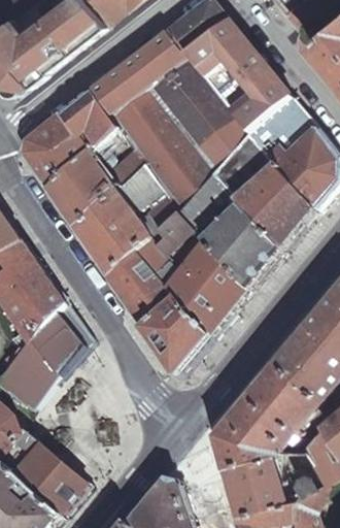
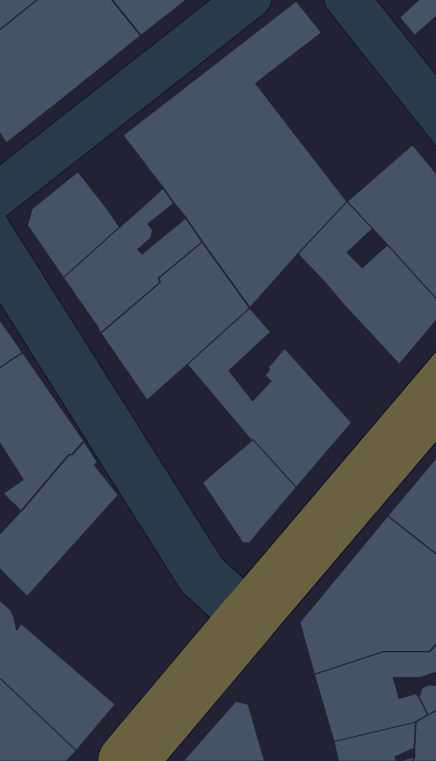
building: [182,23,291,139] -> none
building: [60,94,118,151] -> none
building: [178,175,281,292] -> none
building: [107,252,179,333] -> none

